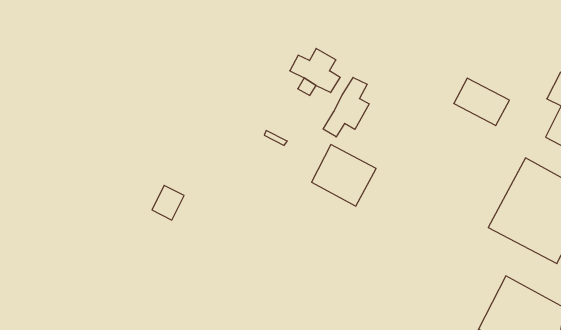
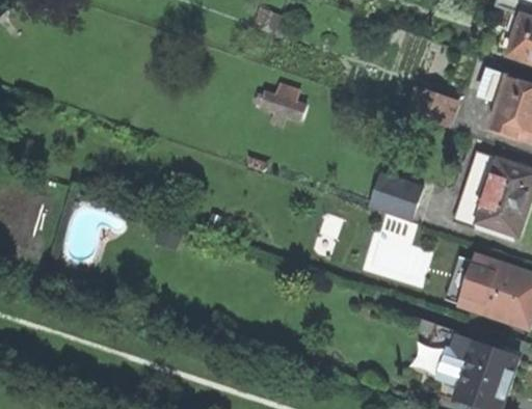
building: [323,77,369,137] -> none
building: [312,145,376,206] -> [369,171,423,221]

